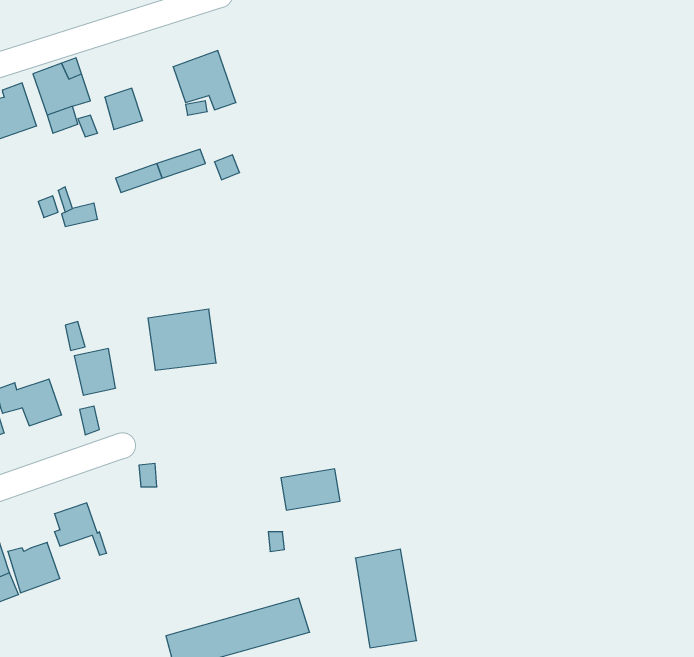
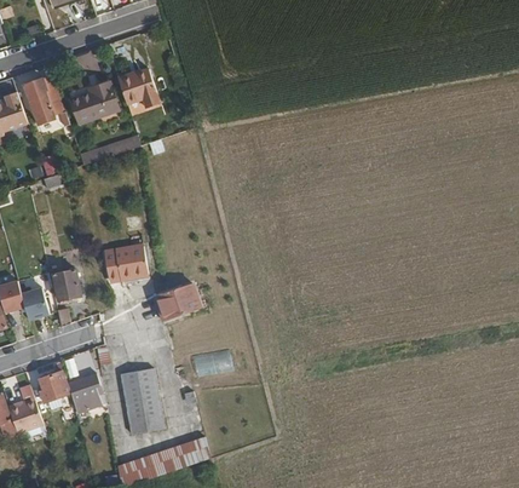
building: none -> [90,81,117,115]
building: none -> [154,283,200,322]
building: none -> [65,372,102,400]
building: [355,549,417,648] -> [122,368,163,435]

